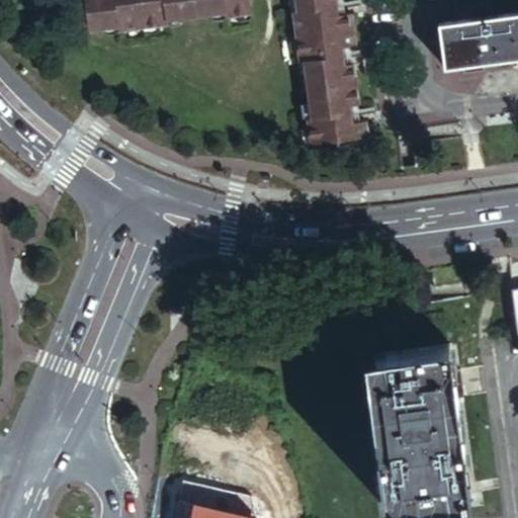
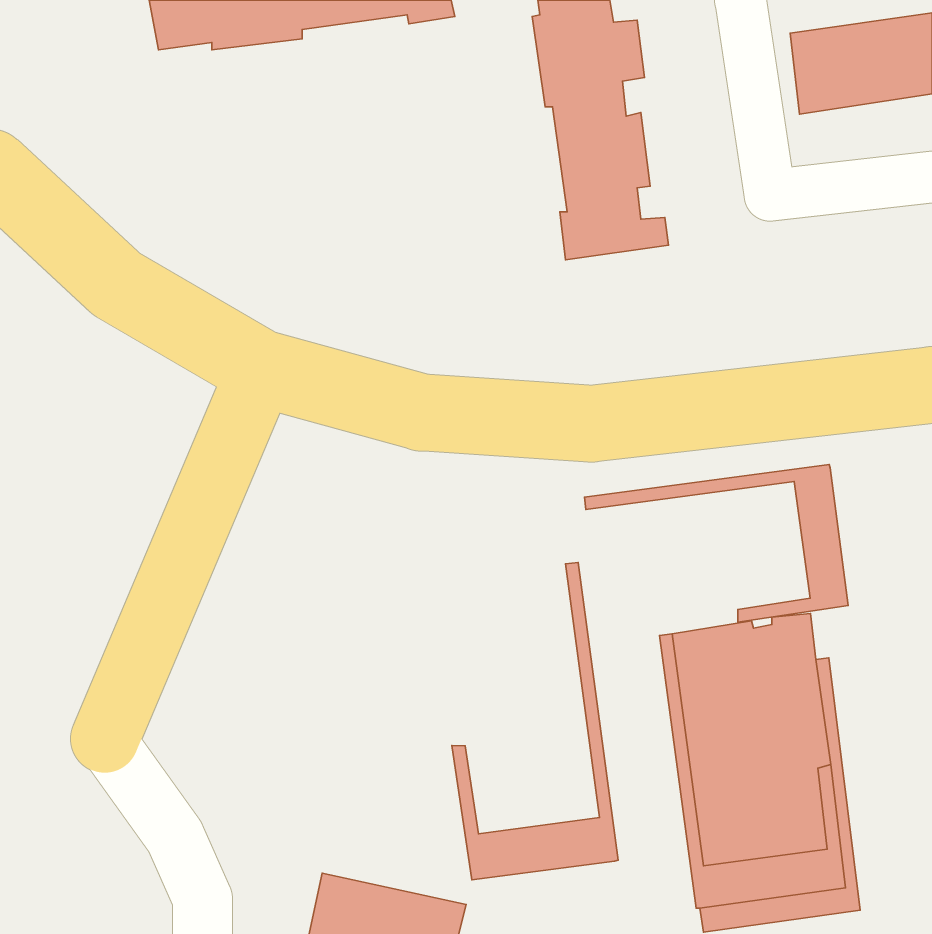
building: none -> [584,464,848,622]
building: none -> [452,562,618,880]

